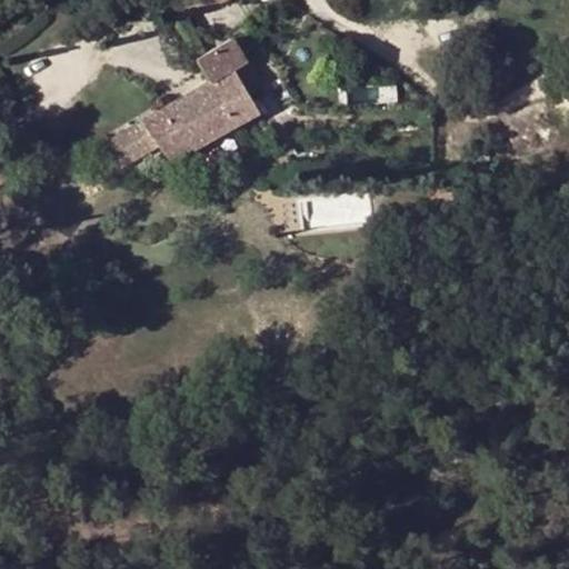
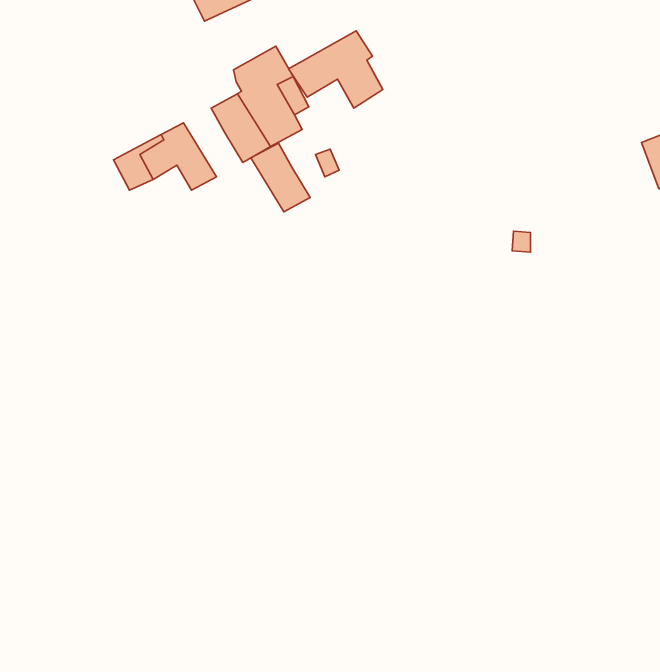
building: none -> [289,31,383,108]
building: [167,91,217,149] -> [251,143,310,212]

